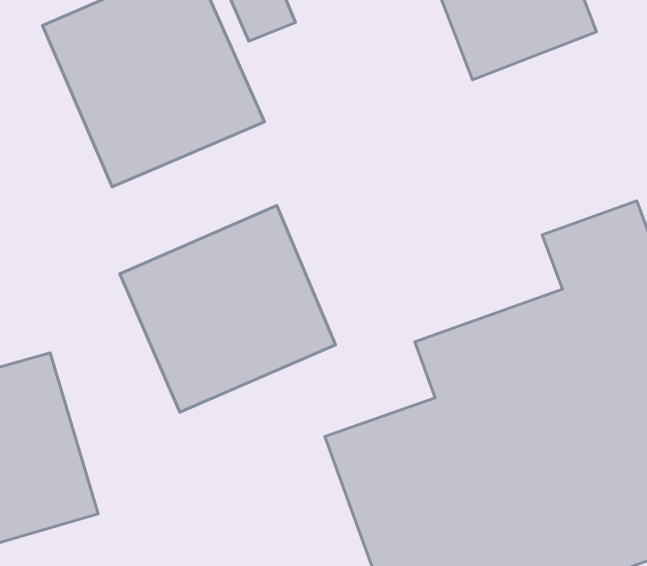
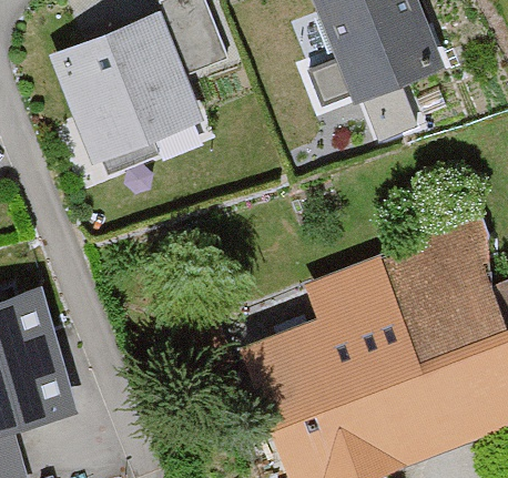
building: [120,206,336,412] -> none

